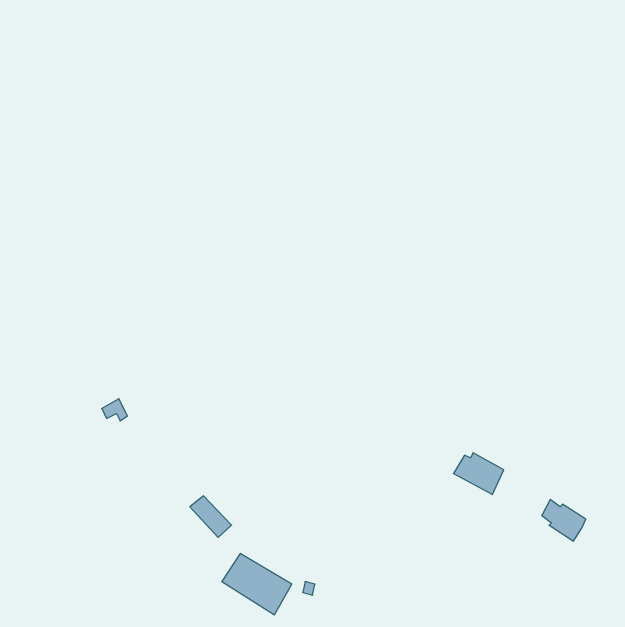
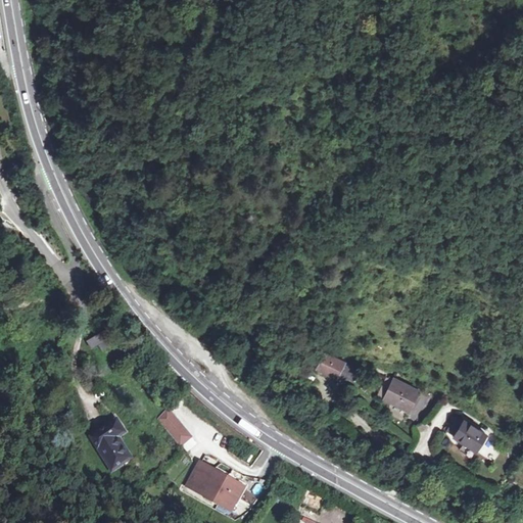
building: none -> [317,355,354,384]
building: none -> [91,419,130,467]

